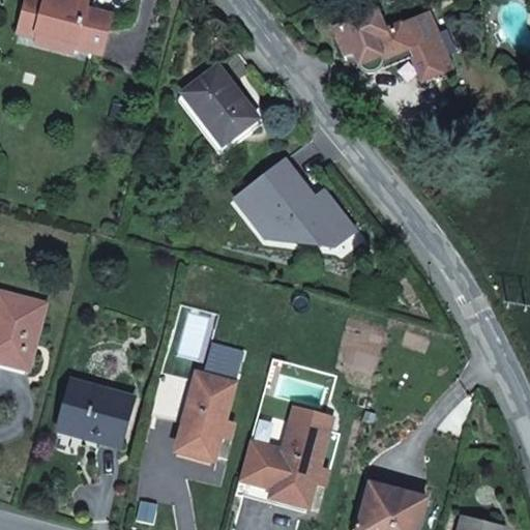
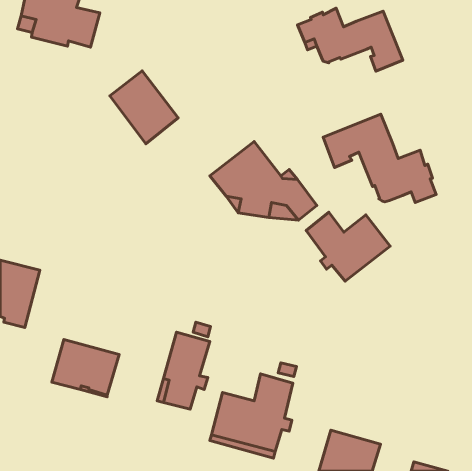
building: [182,63,259,145] -> [110,71,178,144]
building: none -> [323,114,436,202]
building: none -> [306,212,390,281]

